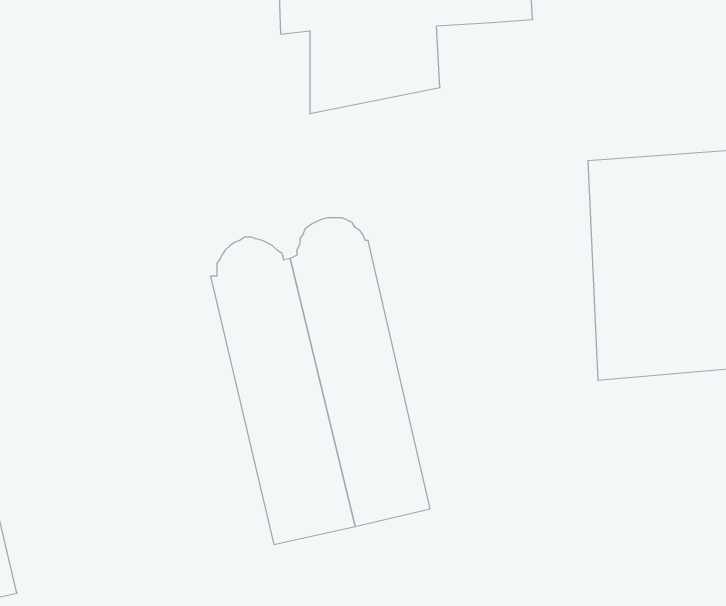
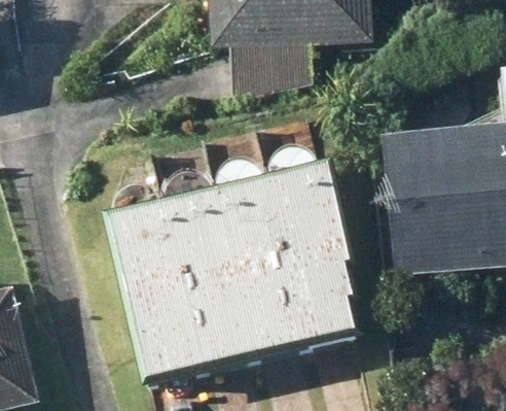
building: none -> [263,147,354,347]
building: none -> [102,186,204,385]

